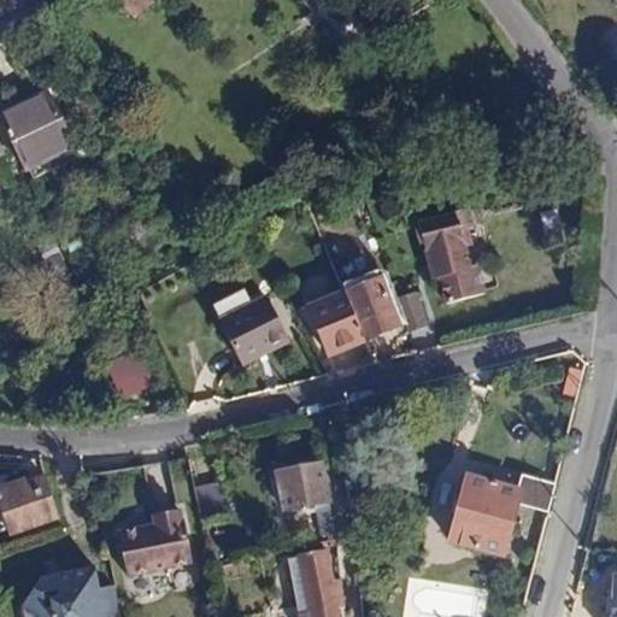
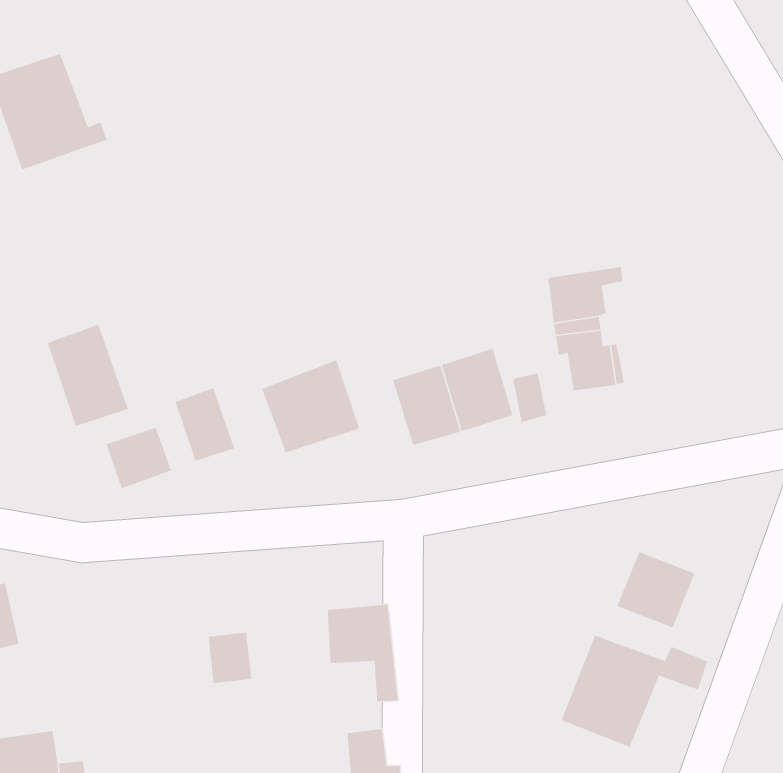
building: none -> [47,323,129,427]
building: none -> [174,387,235,462]
building: none -> [616,551,696,629]
building: [118,515,193,581] -> none

